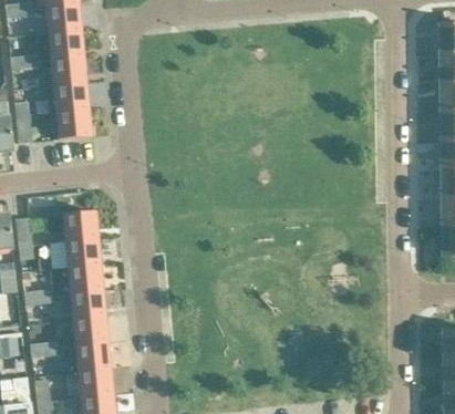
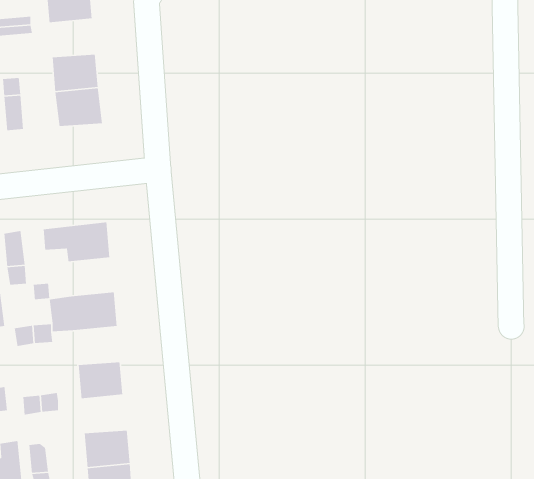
building: [51,56,86,85] -> none
building: [65,238,101,267] -> none
building: [70,290,105,319] -> none
building: [75,342,111,371] -> none

